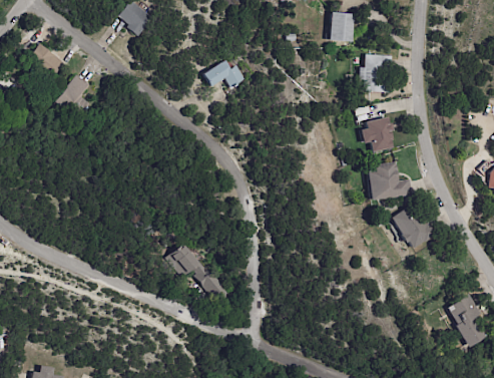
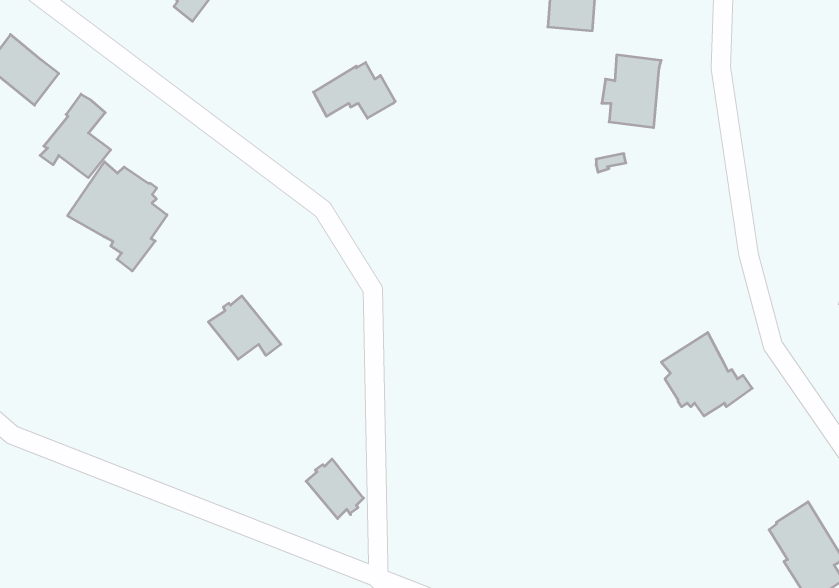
building: none -> [68,162,167,271]
building: [360,116,394,151] -> none
building: [368,161,413,200] -> none
building: [167,243,206,277] -> [208,296,281,359]

